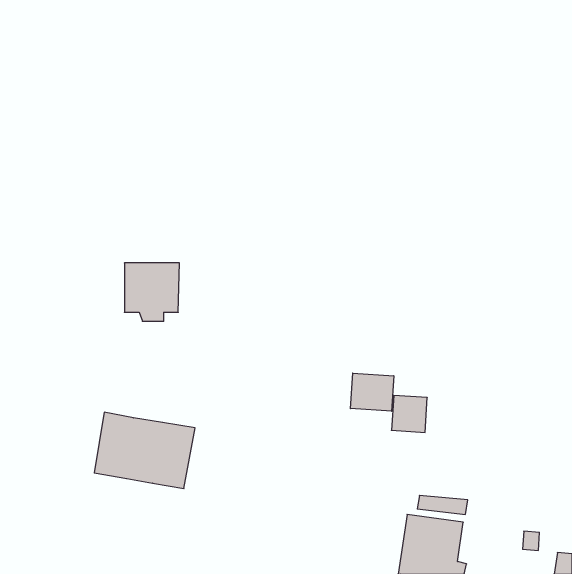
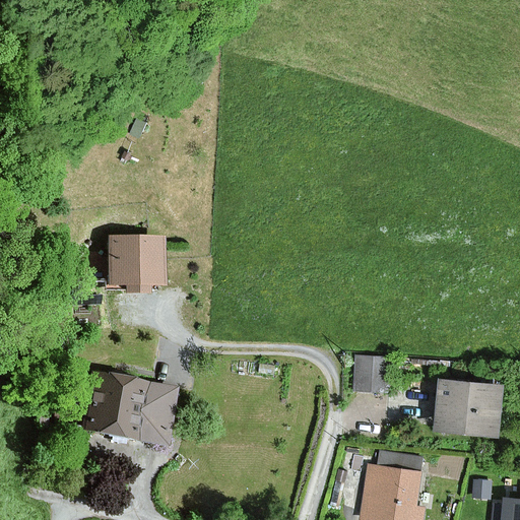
building: [350,373,394,411] -> none
building: none -> [435,381,502,436]

